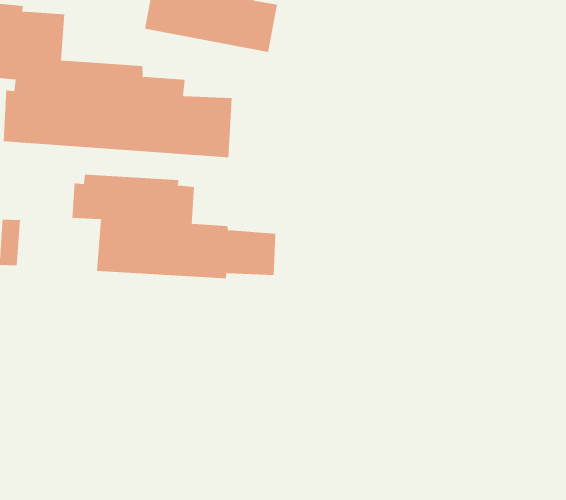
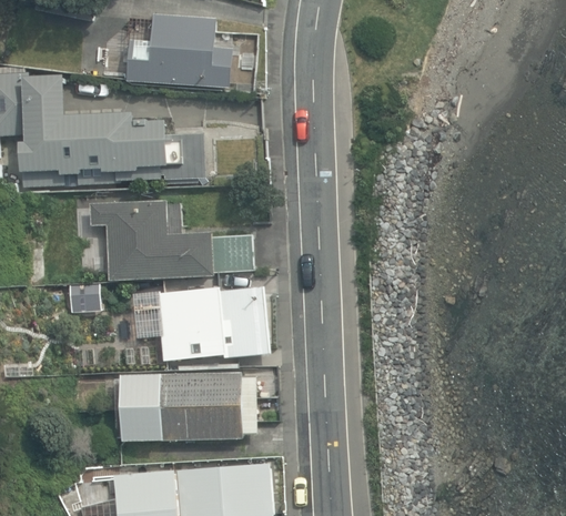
building: none -> [156,285,271,367]
building: none -> [120,372,256,441]

